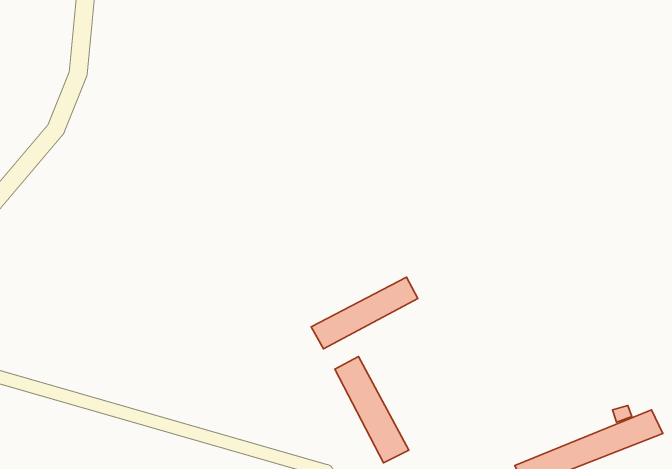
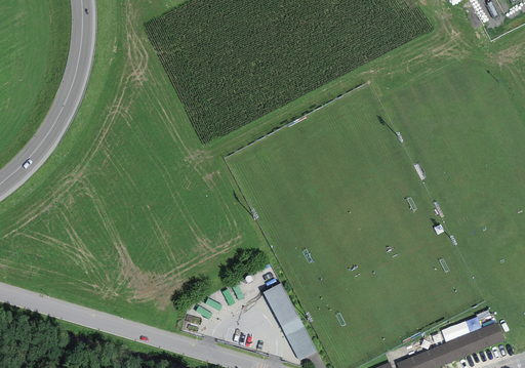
building: [311,277,418,349] -> none

